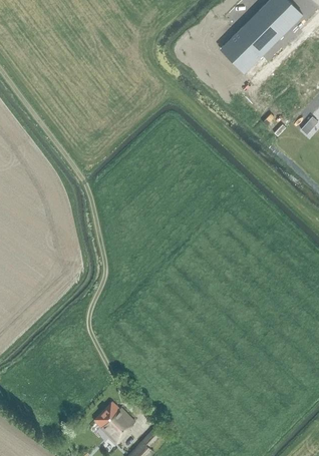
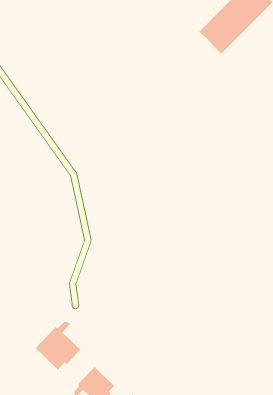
building: none -> [35,321,81,370]

